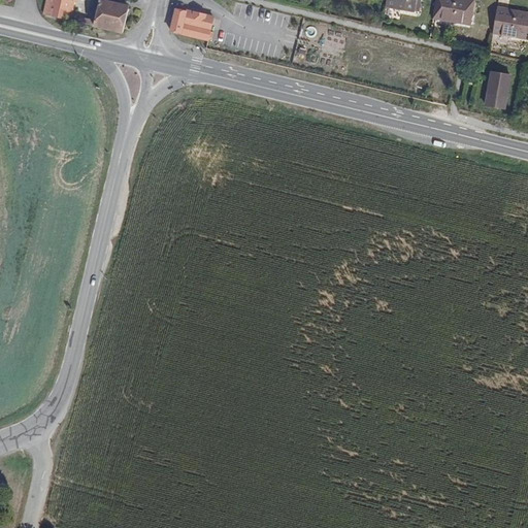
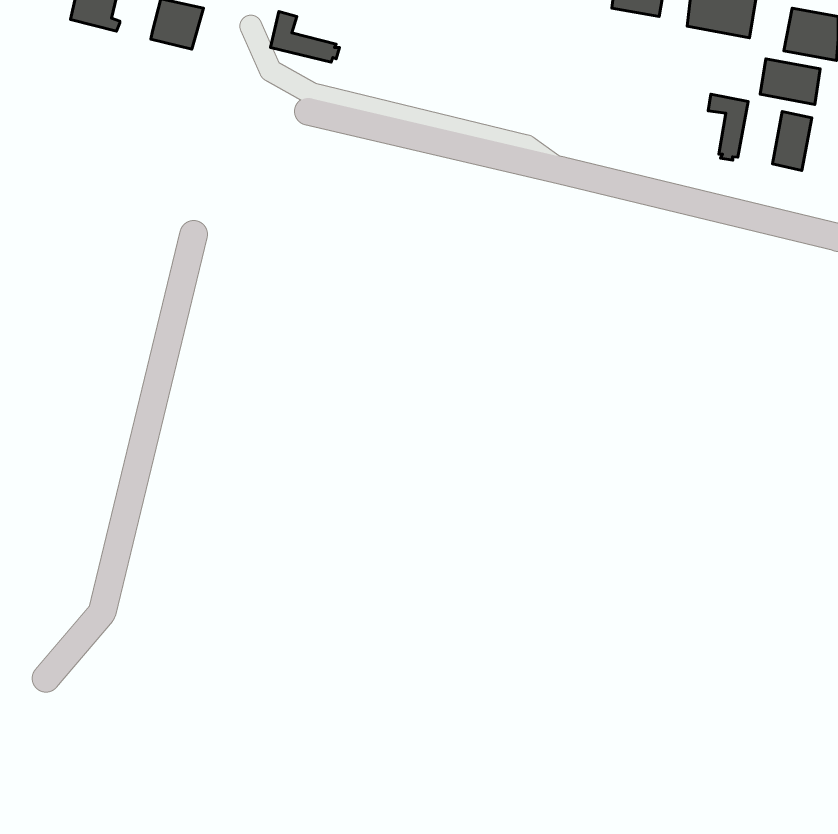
building: none -> [760,59,820,104]
building: none -> [708,94,748,160]

